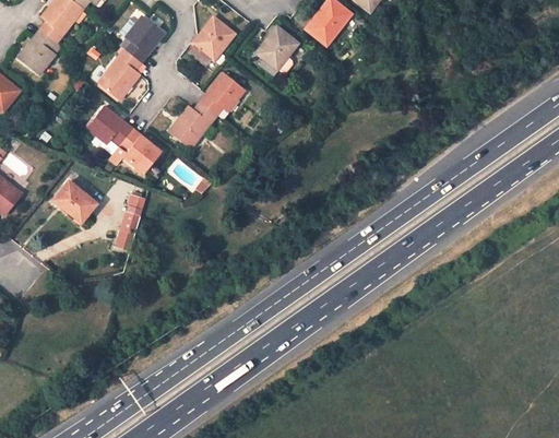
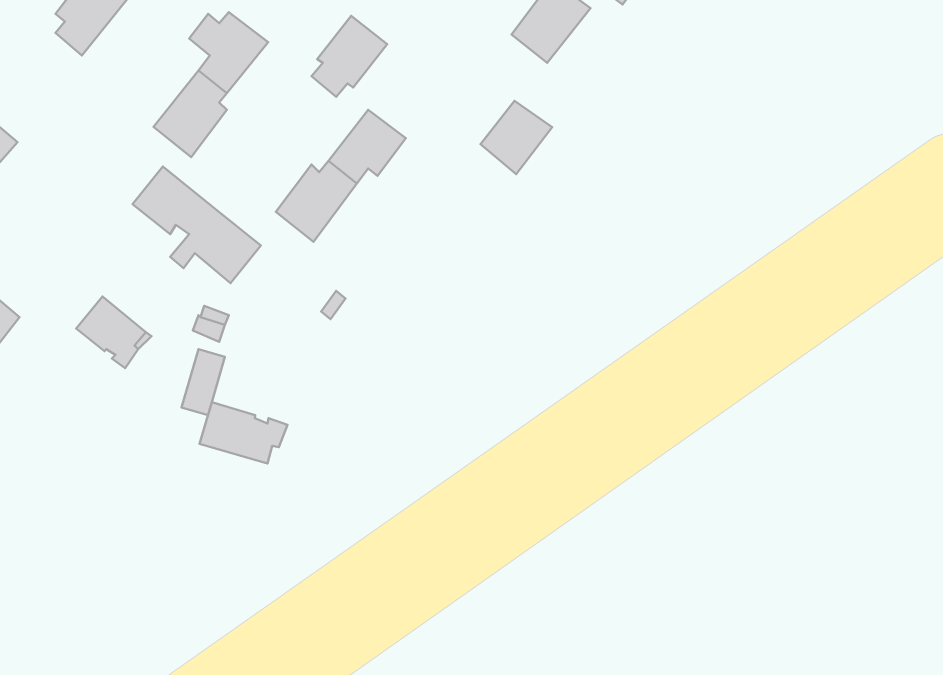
building: [257,26,298,69] -> [481,101,552,174]
building: [17,27,57,74] -> none
building: none -> [200,402,288,463]

